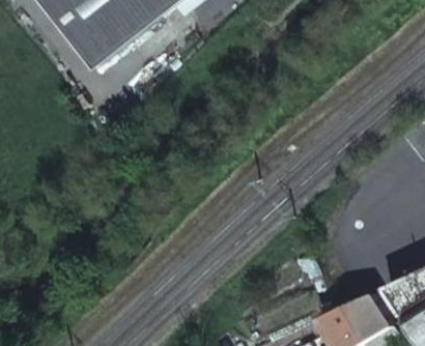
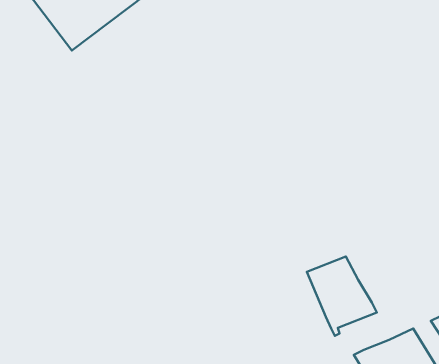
building: none -> [307,257,377,336]

